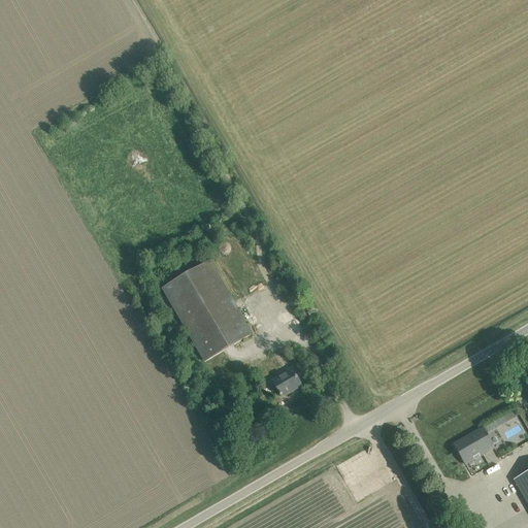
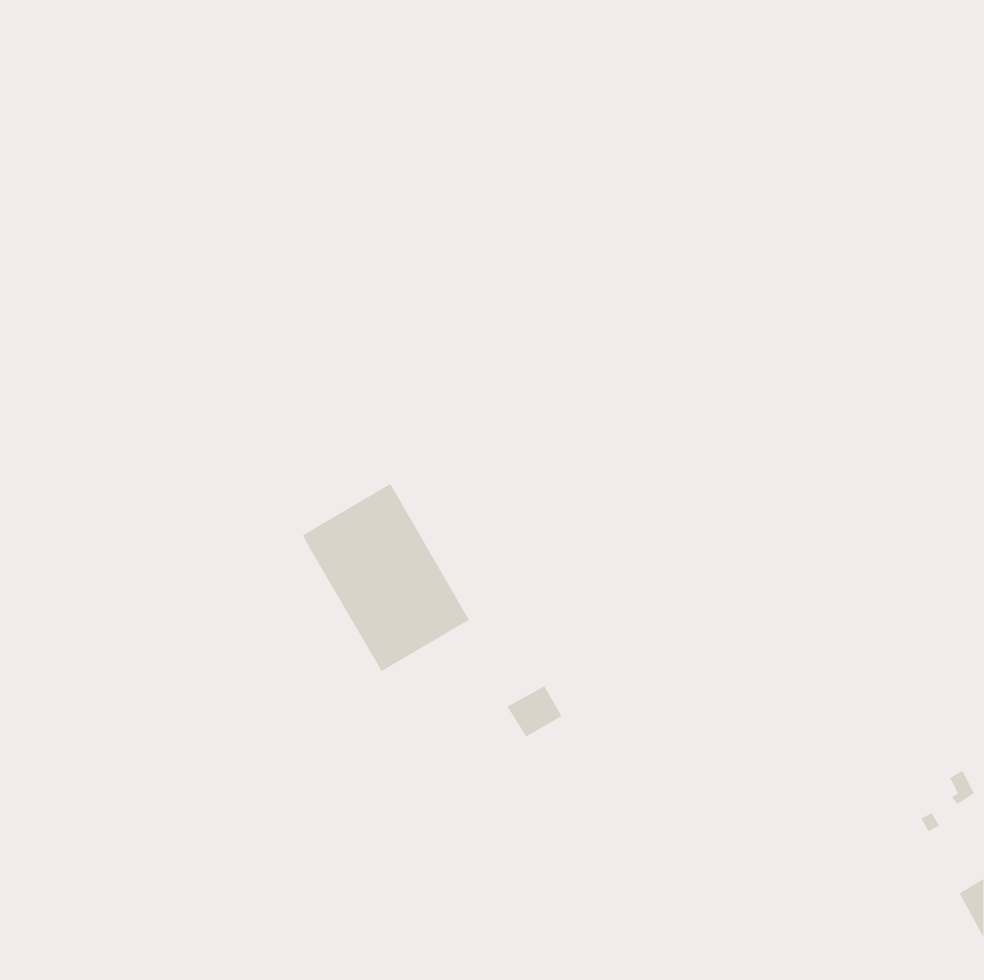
building: [454,426,494,460] -> none

